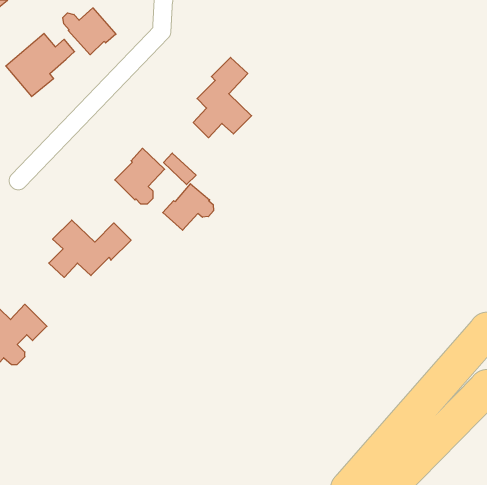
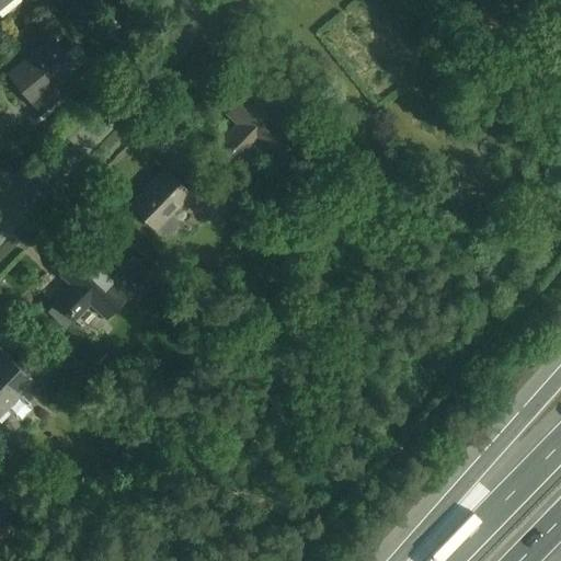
building: [63,8,116,55] -> none
building: [163,184,213,230] -> none

